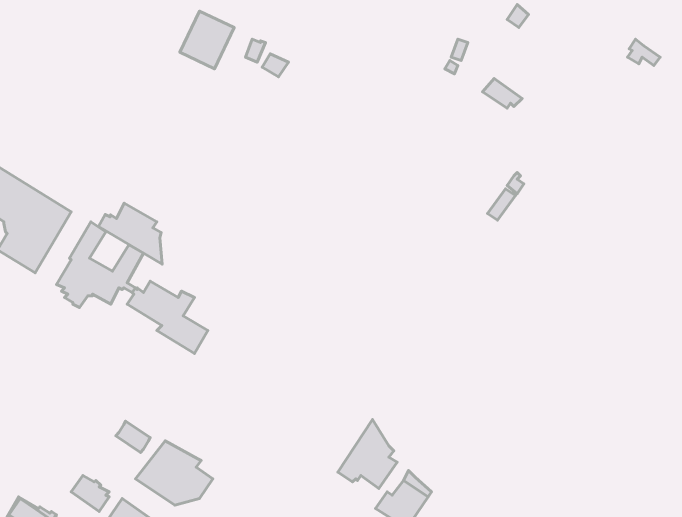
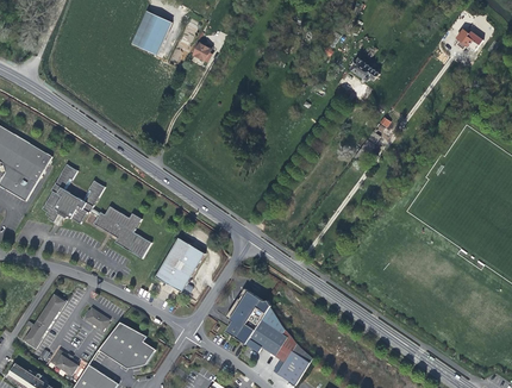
building: [98,203,162,264] -> none
building: none -> [156,238,205,296]
building: none -> [226,289,271,345]
building: none -> [25,295,65,348]

